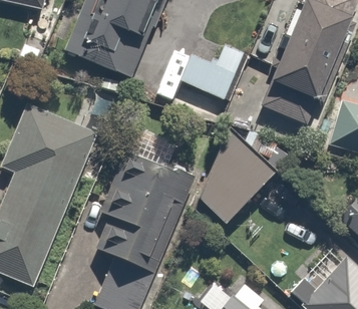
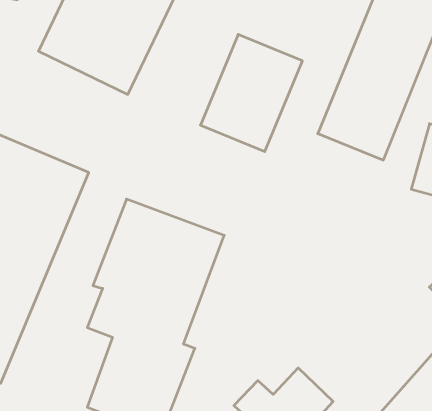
building: [201,128,273,222] -> none

